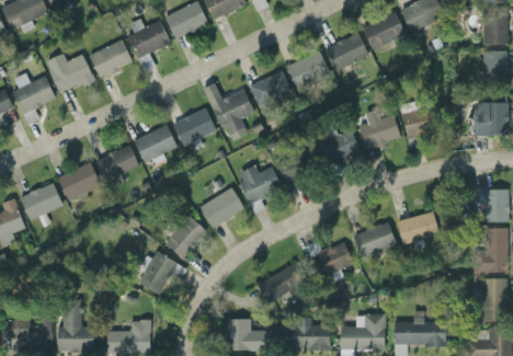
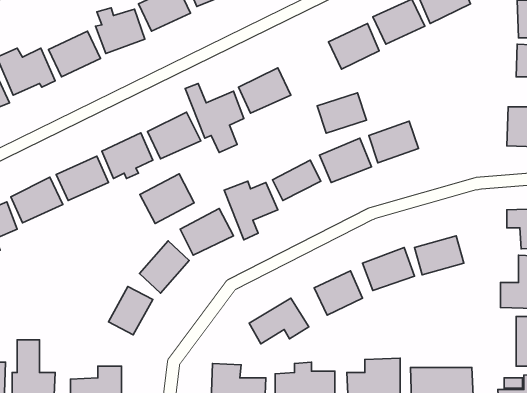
building: [287,53,329,87] -> [317,93,367,133]
building: [399,101,438,139] -> none
building: none -> [140,174,194,223]

